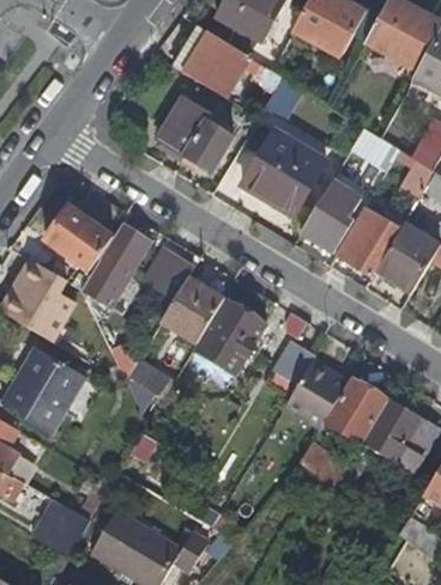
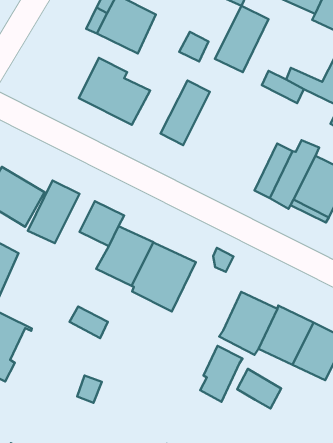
building: [265,145,326,215] -> [215,6,268,72]
building: [301,179,361,251] -> none
building: [268,340,316,400] -> [200,346,242,402]

